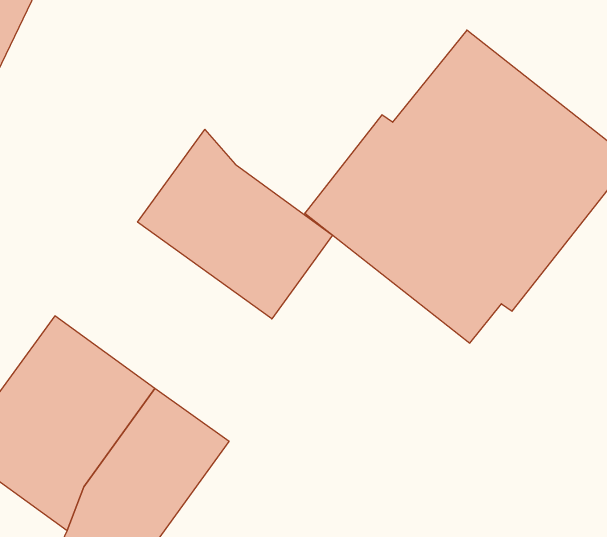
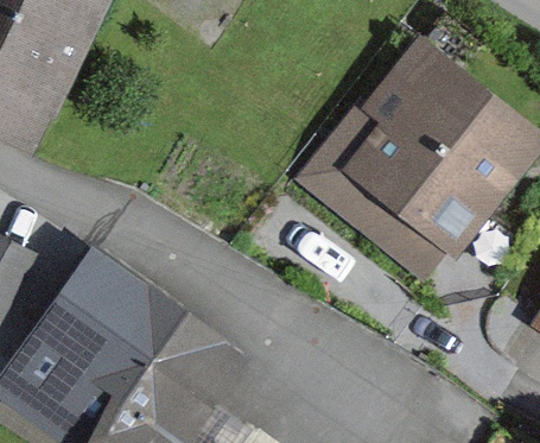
building: [138,129,333,319] -> none

